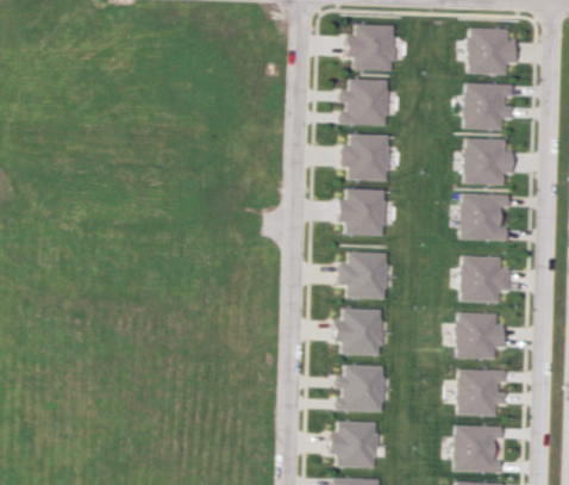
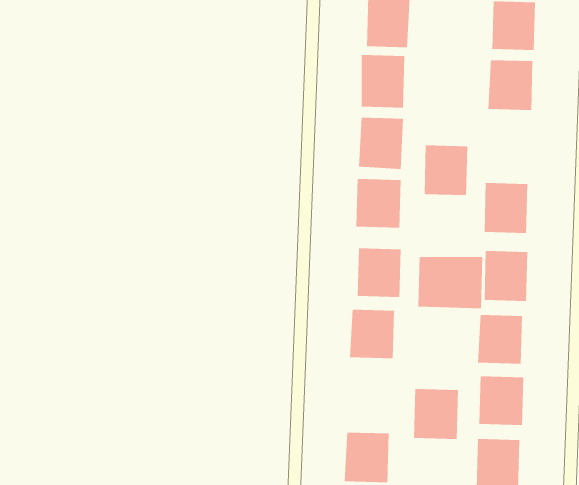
building: [464,137,505,184] -> [424,145,468,196]
building: none -> [418,256,483,309]
building: [342,365,383,411] -> [413,389,459,440]

